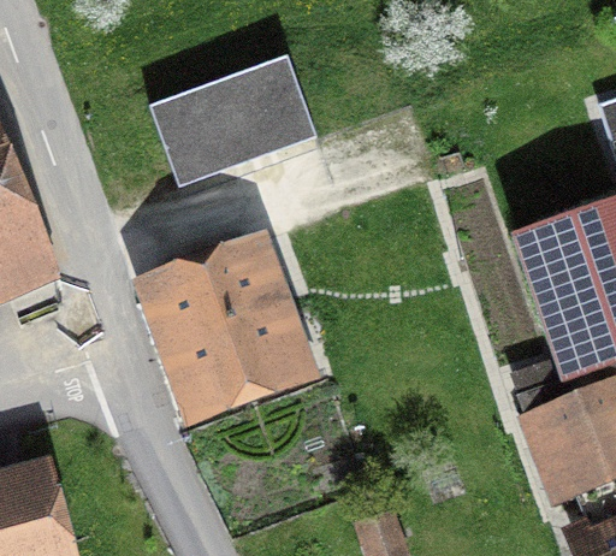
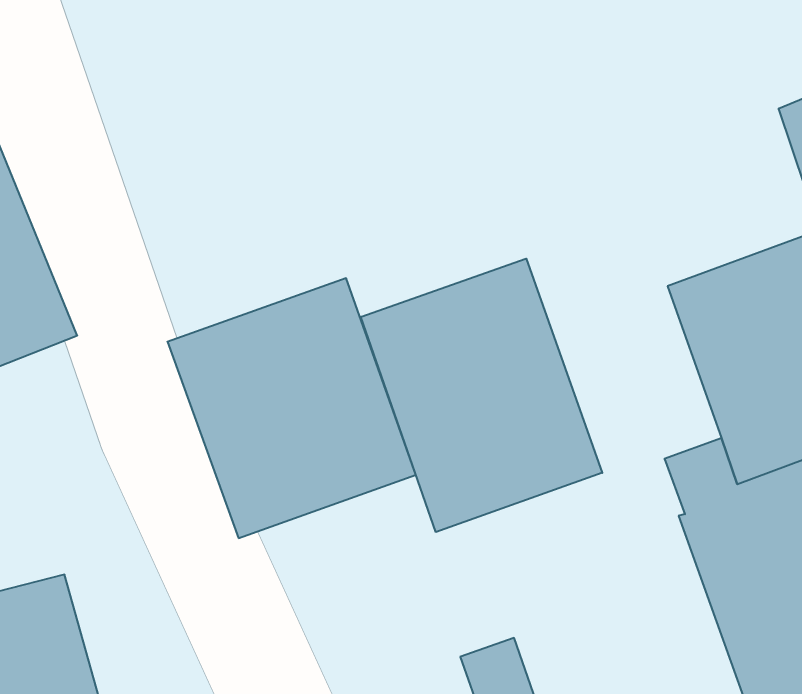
building: [147,52,316,184] -> none
building: none -> [361,259,602,532]

